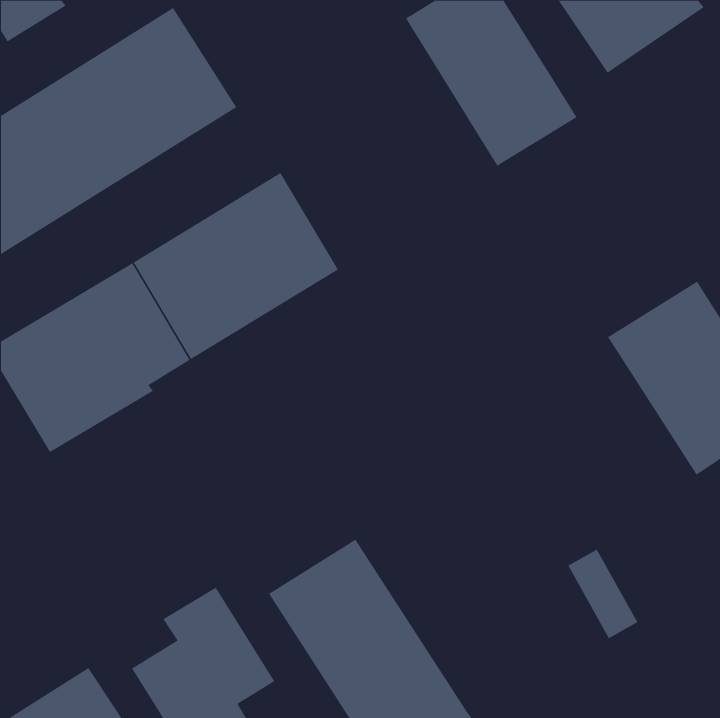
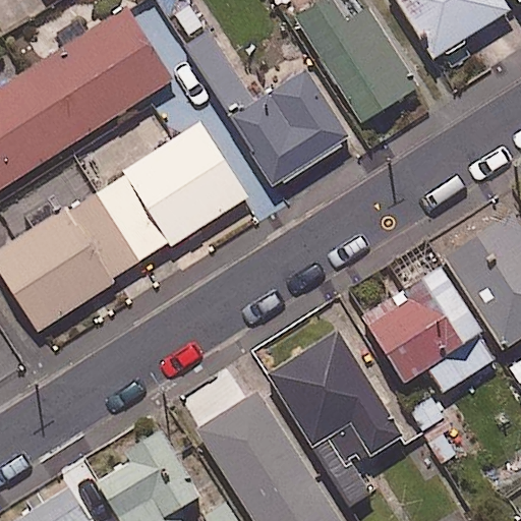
building: none -> [186,27,349,185]
building: none -> [362,269,498,392]
building: none -> [263,331,404,509]

